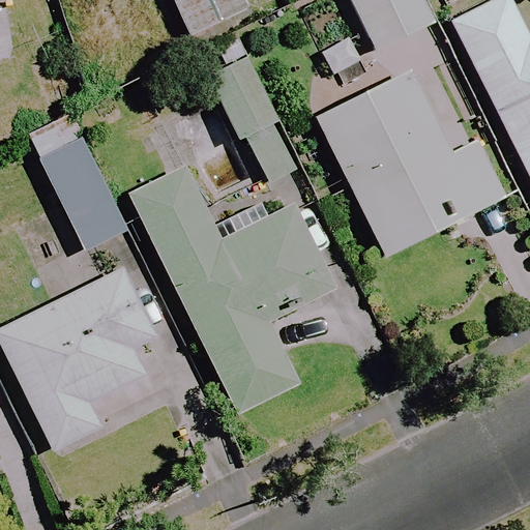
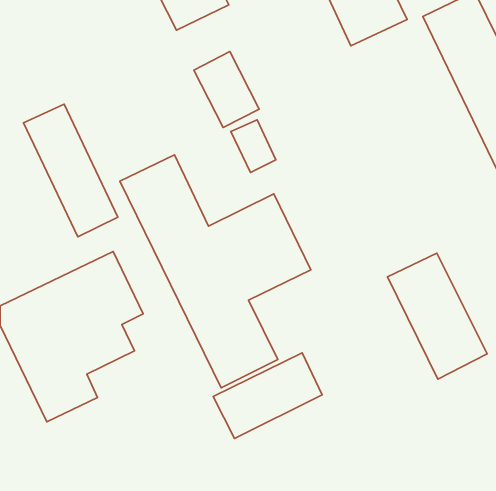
building: [316,69,509,261] -> none
building: none -> [388,253,487,379]
building: none -> [213,353,322,438]

